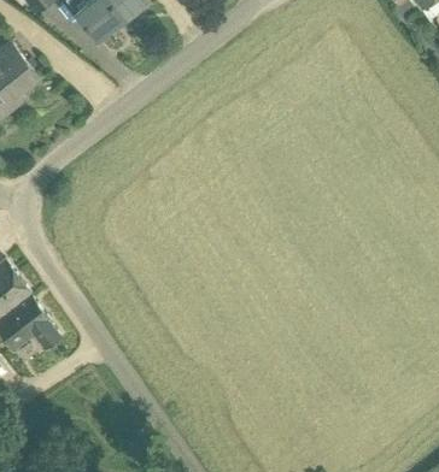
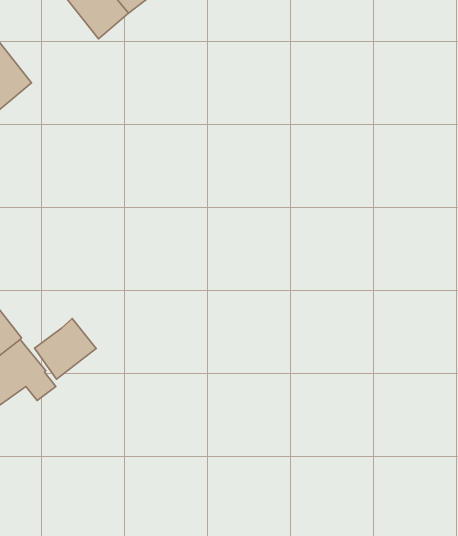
building: none -> [34,318,96,379]

